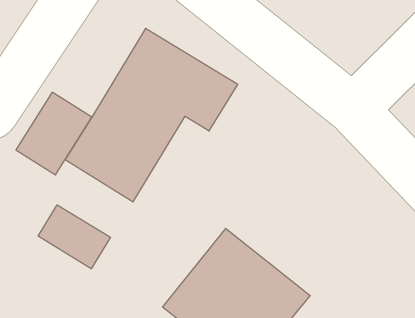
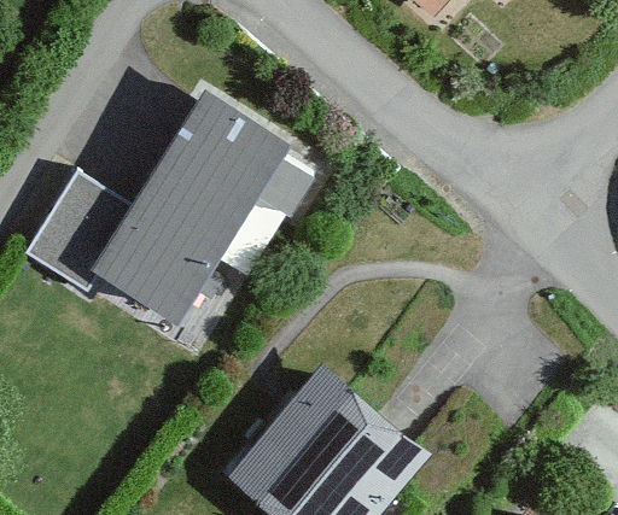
building: [38,205,110,269] -> none

